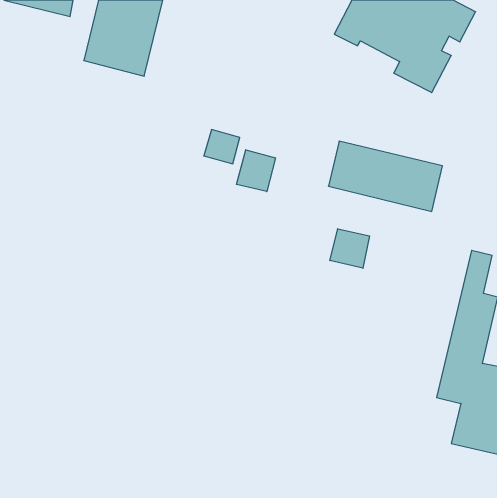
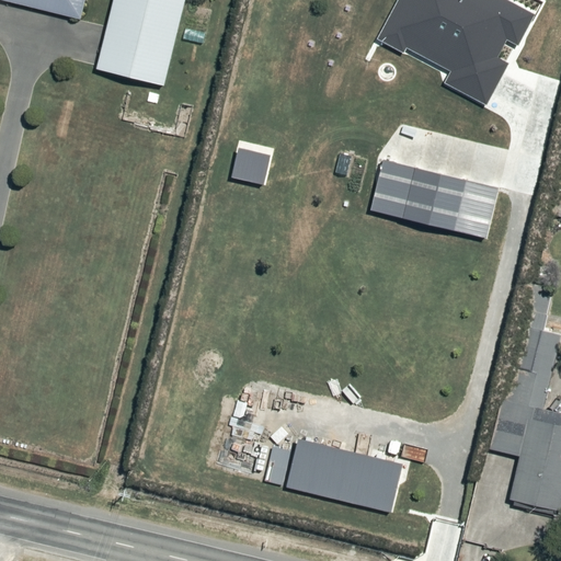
building: [236,150,275,192] -> none
building: [330,229,370,268] -> none
building: none -> [285,436,404,513]

